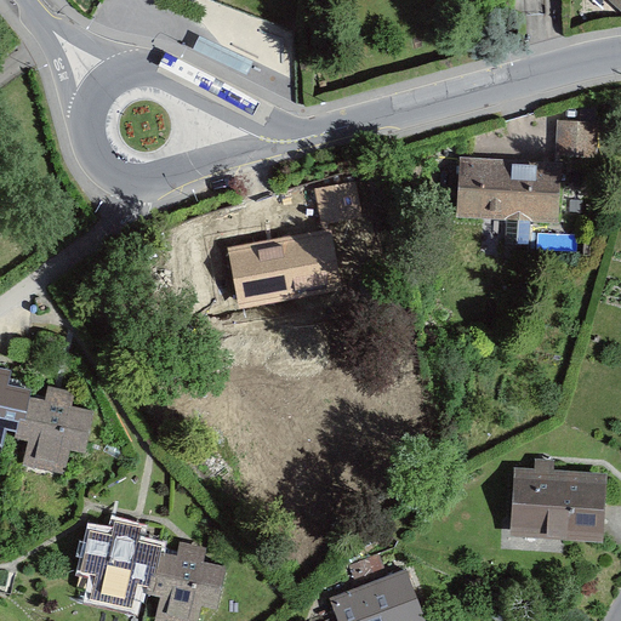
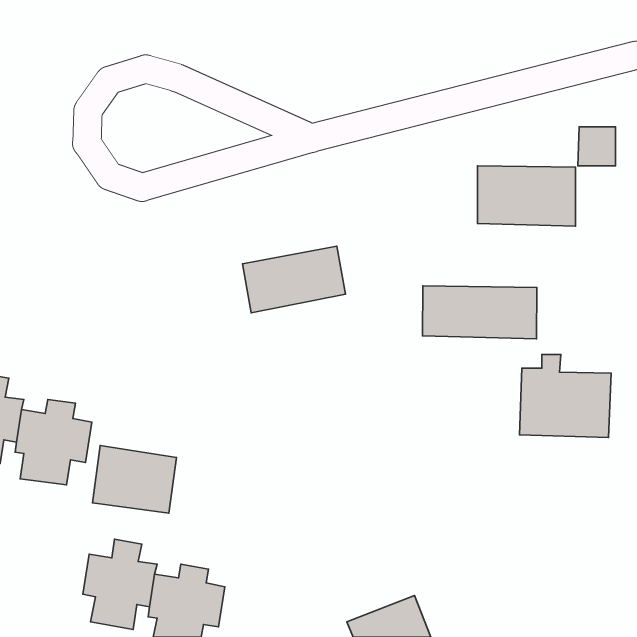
building: none -> [422,286,537,339]
building: none -> [92,446,176,513]
building: [512,457,600,537] -> [519,354,611,437]

